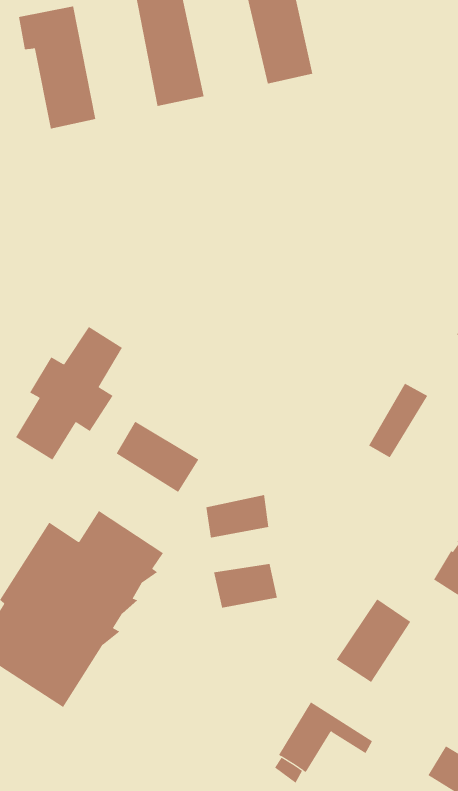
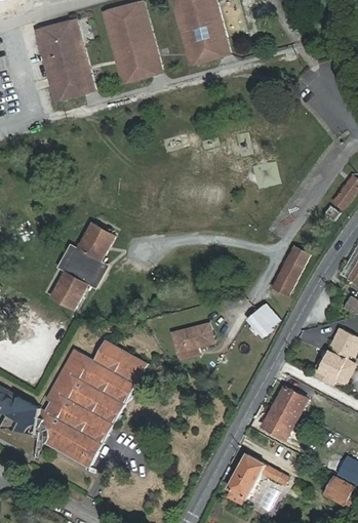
building: [116,421,199,493] -> none
building: none -> [247,305,279,337]
building: [214,563,277,608] -> none

